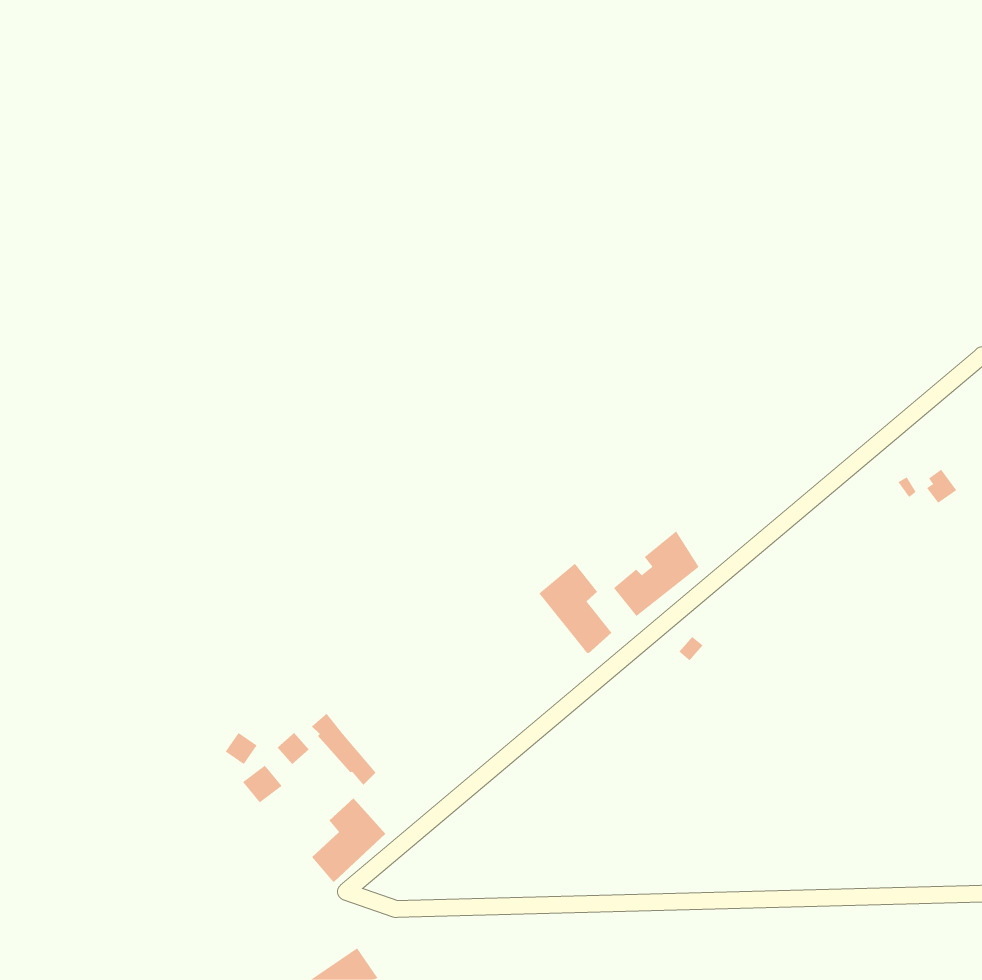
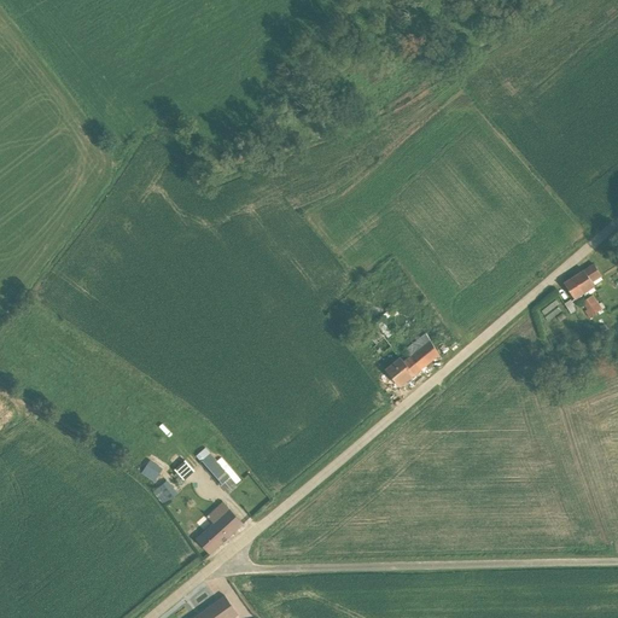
building: none -> [564,264,601,299]
building: [539,563,612,654] -> none

